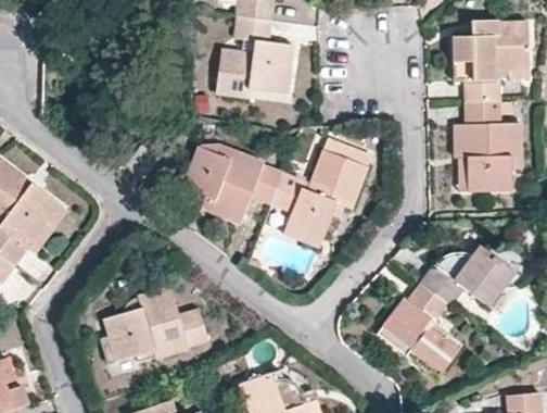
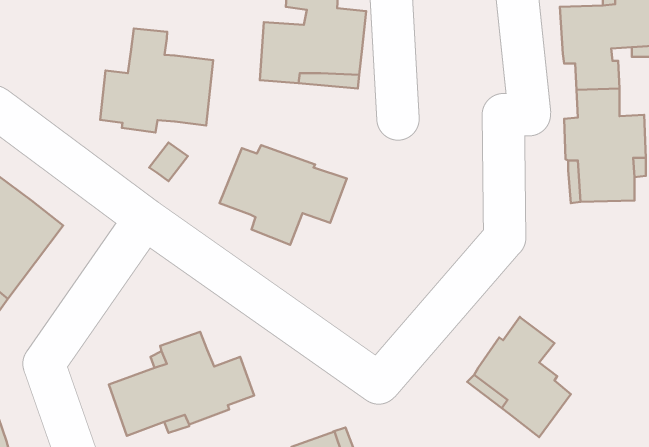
building: none -> [100,29,213,133]
building: [271,150,366,237] -> none
building: [420,243,512,302] -> none

